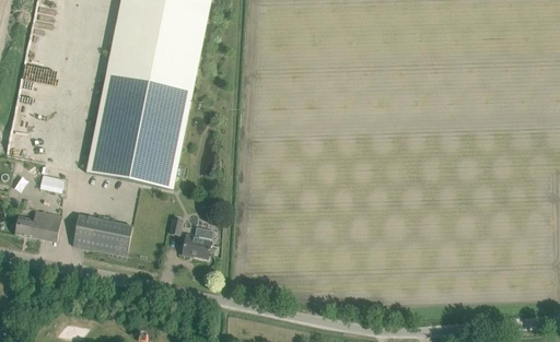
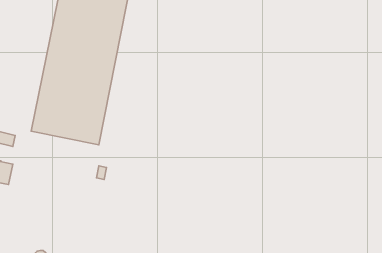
building: [71,214,131,255] -> none
building: [182,226,213,258] -> none

